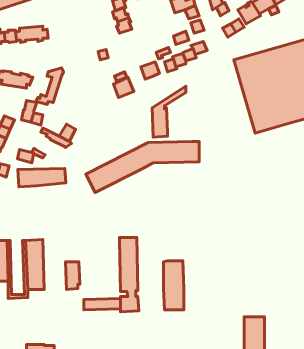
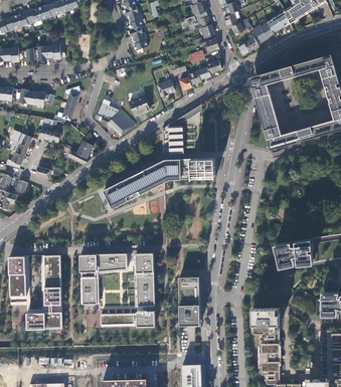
building: none -> [95,99,136,136]
building: [18,168,66,187] -> [79,253,127,271]
building: none -> [276,238,311,264]
building: none -> [251,308,279,332]
building: none -> [26,312,62,329]

